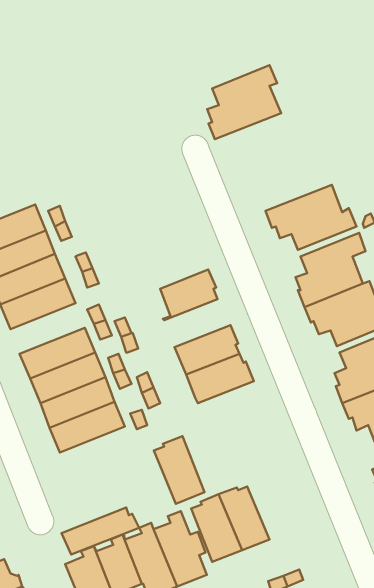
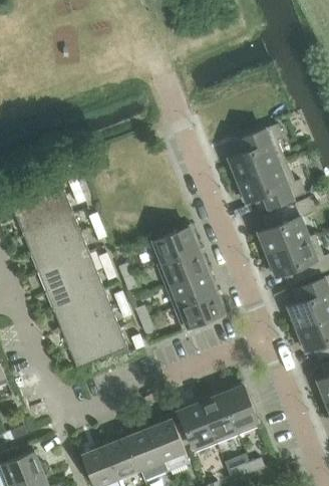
building: [207,65,281,139] -> [230,124,287,181]
building: none -> [157,249,209,286]
building: none -> [39,252,96,291]
building: [154,436,205,504] -> [222,383,261,435]
building: [61,508,139,555] -> none

